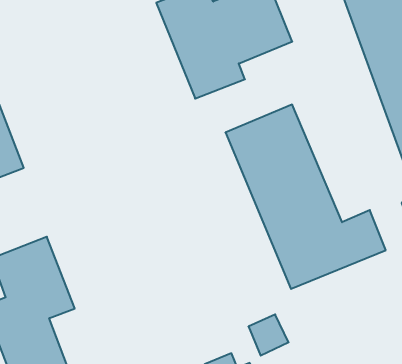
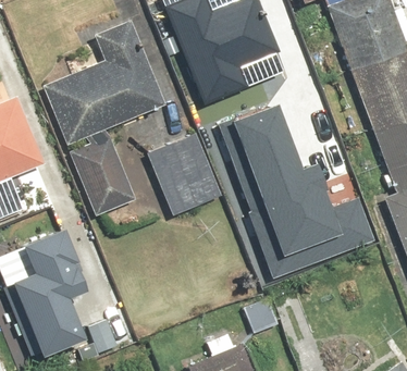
building: none -> [42,20,166,145]
building: none -> [146,129,222,213]
building: none -> [67,134,138,215]

